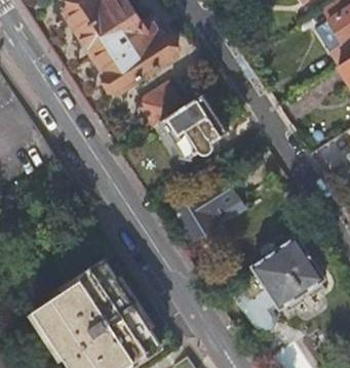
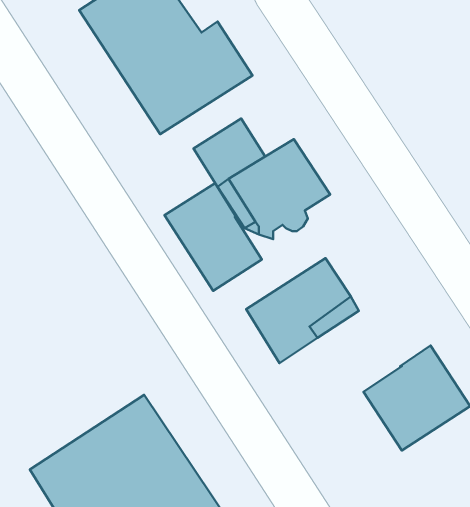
building: none -> [165,183,262,291]

